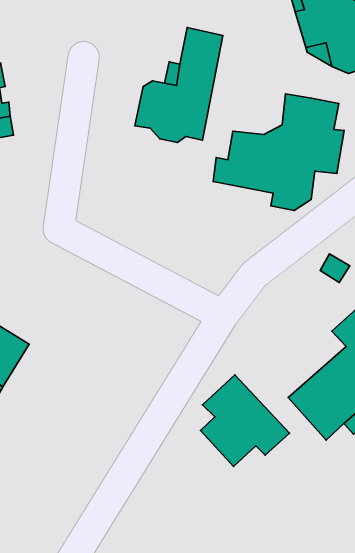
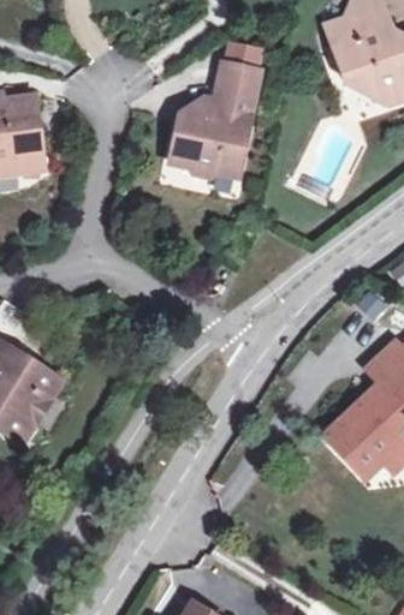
building: [213,94,344,211] -> none
building: [200,375,289,466] -> none

